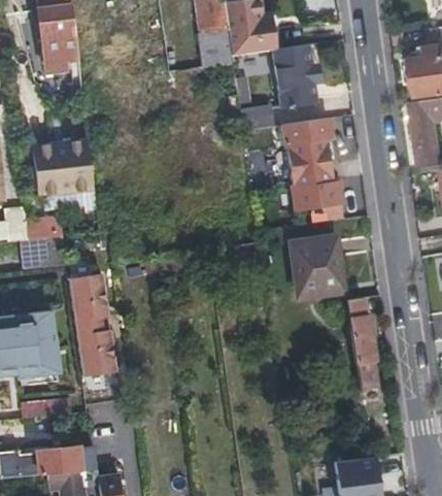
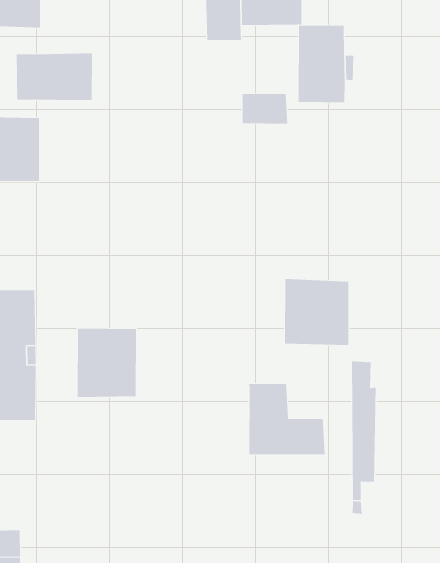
building: none -> [16,53,92,101]
building: [283,114,345,219] -> none
building: none -> [77,328,137,398]
building: none -> [249,383,325,455]

